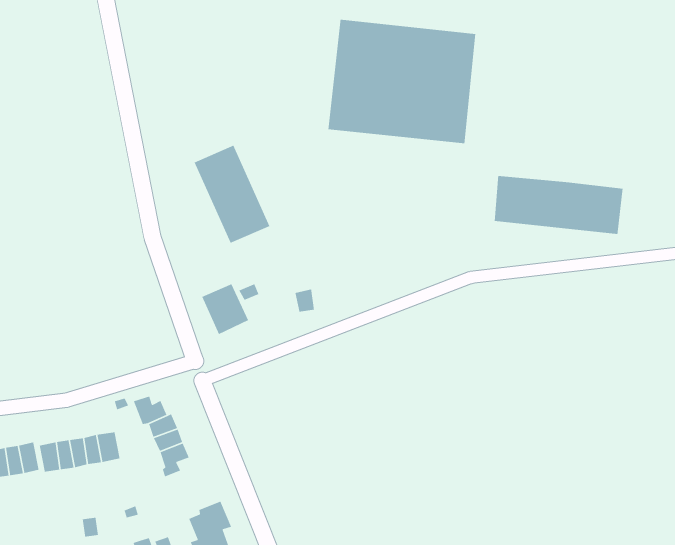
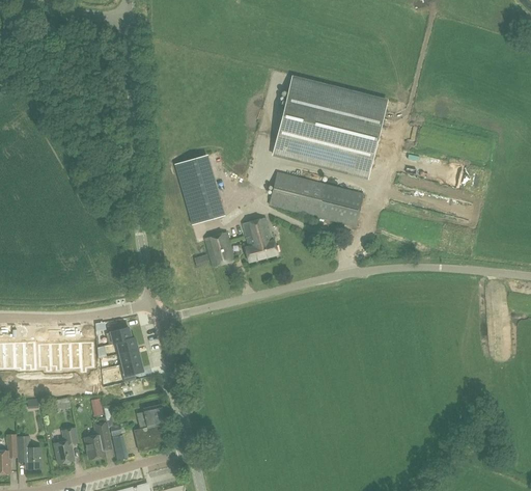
building: [494,175,623,235] -> [269,171,363,225]
building: none -> [242,216,278,260]
building: [201,283,249,335] -> [203,230,234,266]

